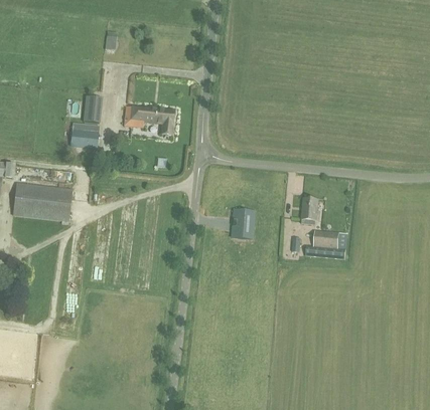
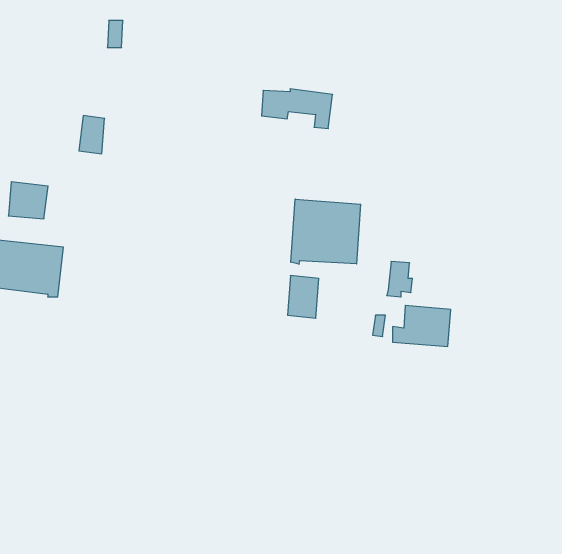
building: [125,106,175,134] -> [262,89,333,129]
building: [71,122,100,148] -> [8,182,48,219]
building: none -> [291,199,361,264]

